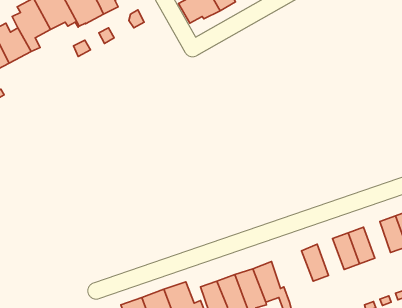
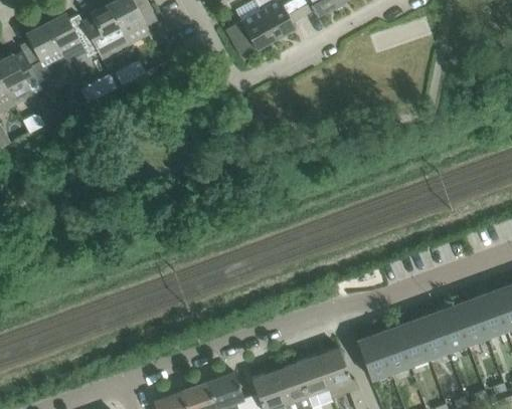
building: none -> [454,298,487,344]
building: none -> [396,320,430,365]
building: none -> [357,335,391,379]

